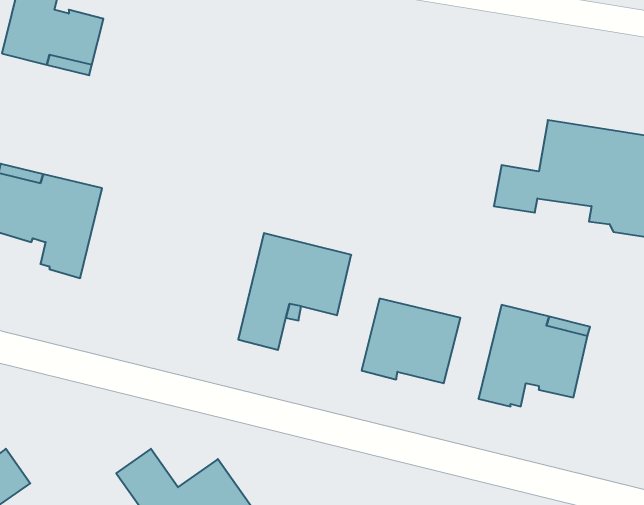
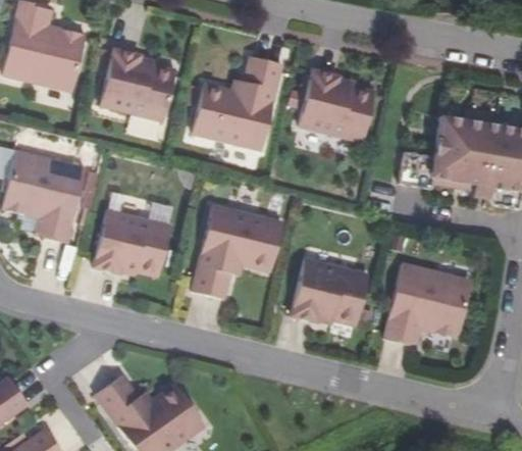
building: none -> [100,32,180,122]
building: none -> [192,57,282,152]
building: none -> [299,70,375,143]
building: none -> [94,210,171,277]

